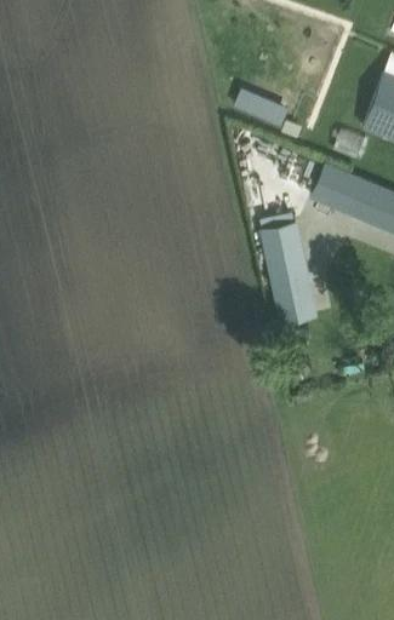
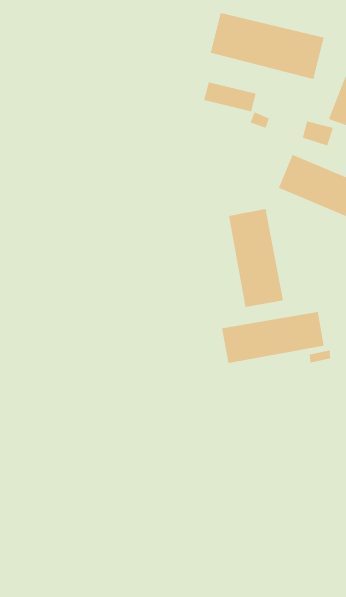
building: none -> [210,12,324,80]
building: none -> [221,311,325,364]

